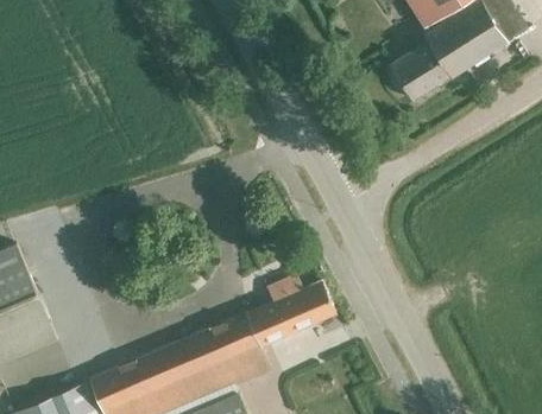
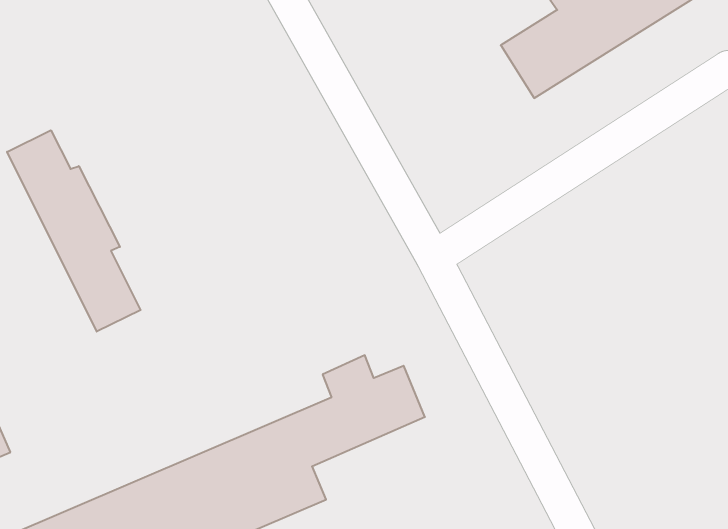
building: none -> [7,130,141,332]

